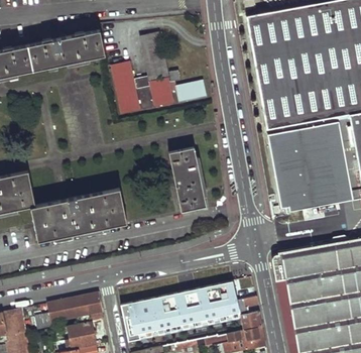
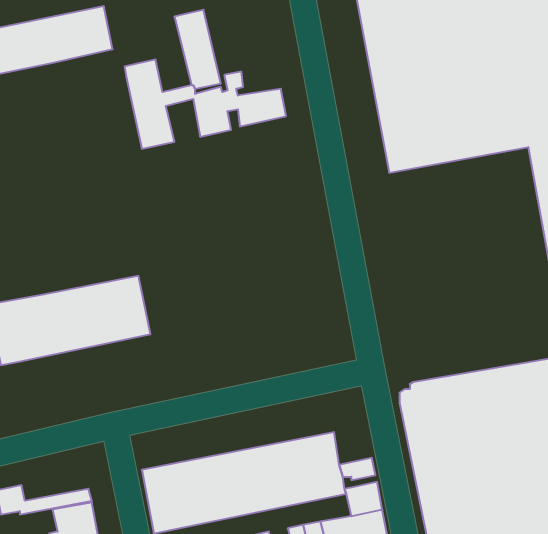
building: [266,122,352,215] -> none
building: [168,147,207,212] -> none
building: [49,292,105,321] -> none

